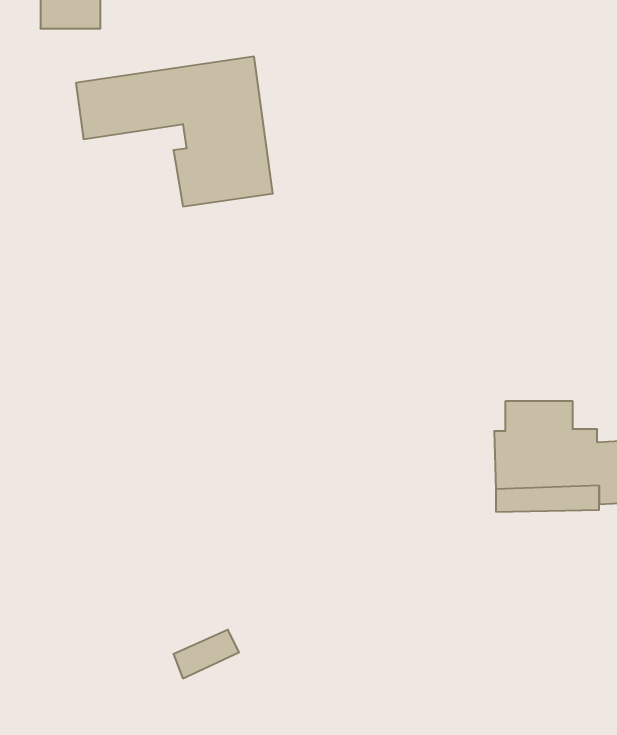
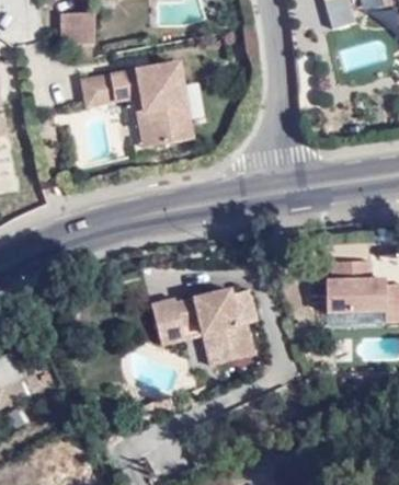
building: none -> [149,289,255,366]

